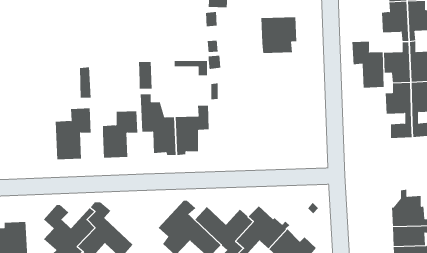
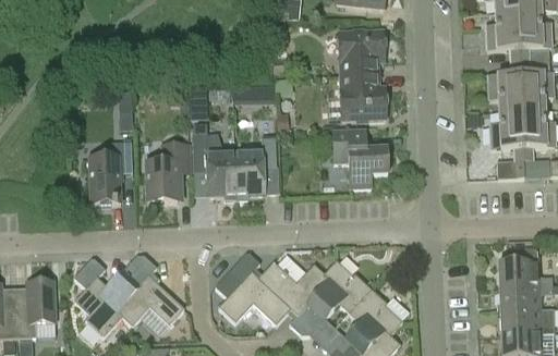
building: [352,41,384,89] -> none
building: none -> [341,75,386,120]
building: none -> [333,136,388,191]

